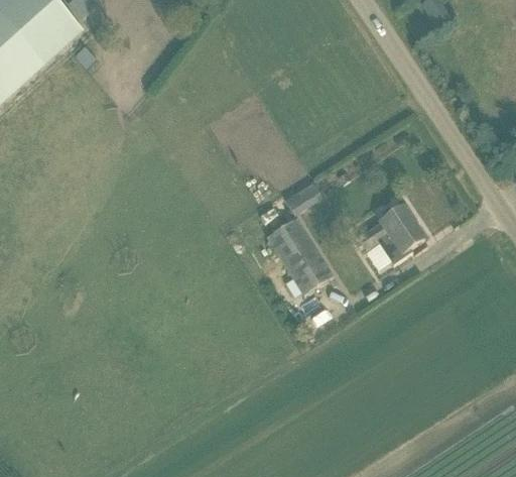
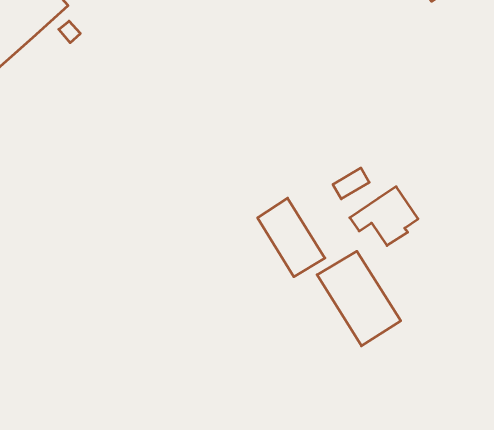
building: [286,181,321,211] -> [333,168,369,199]
building: none -> [317,251,401,346]

